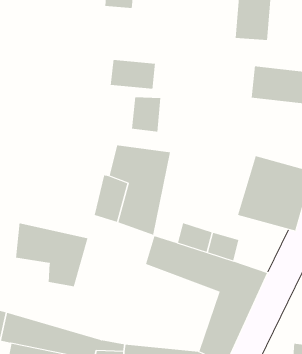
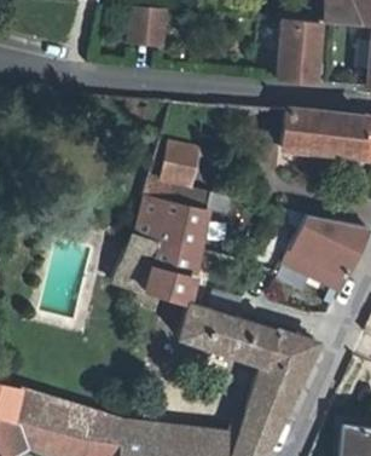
building: [110,59,156,89] -> none
building: [16,223,88,287] -> none

